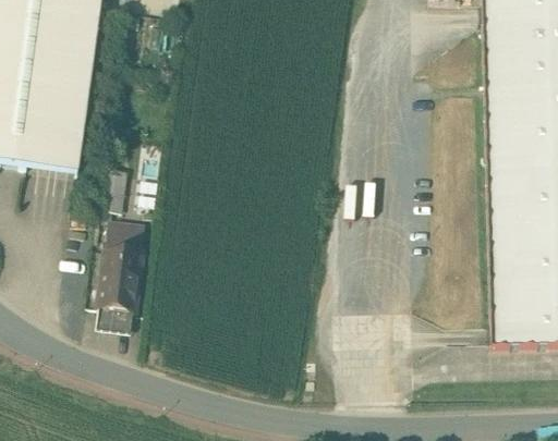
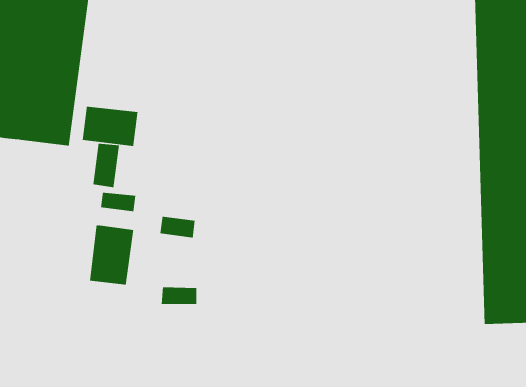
building: none -> [82,106,138,147]
building: [107,230,143,252] -> [160,216,196,238]
building: [106,307,142,324] -> [161,287,197,304]

